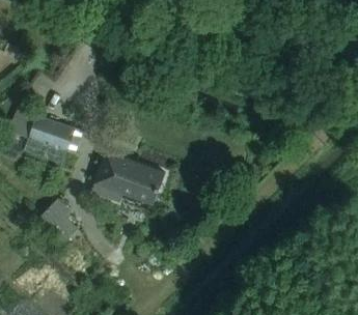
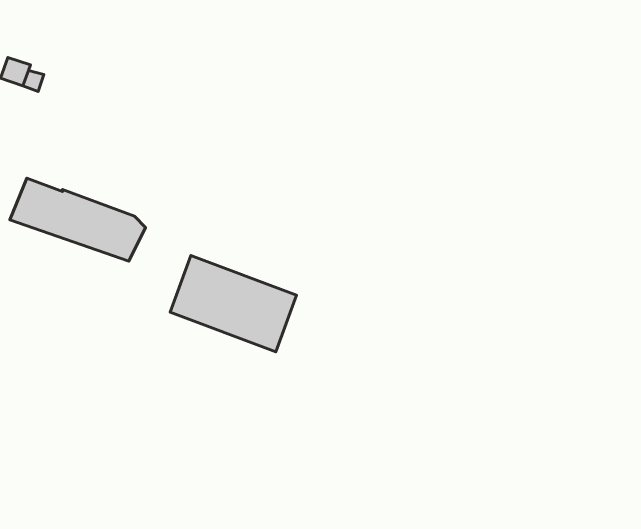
building: [40,201,76,240] -> none

